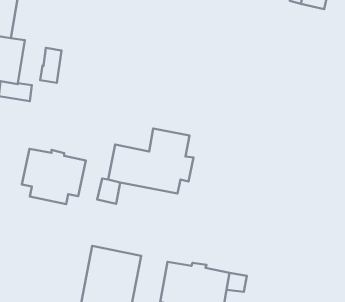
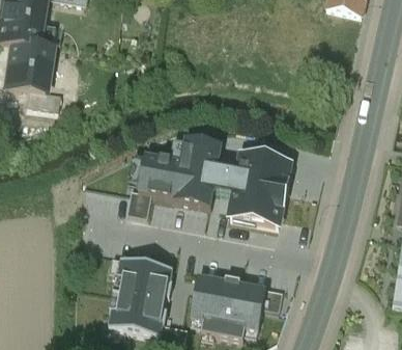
building: [40,48,61,83] -> none
building: none -> [221,153,289,224]
building: [22,149,86,204] -> none

